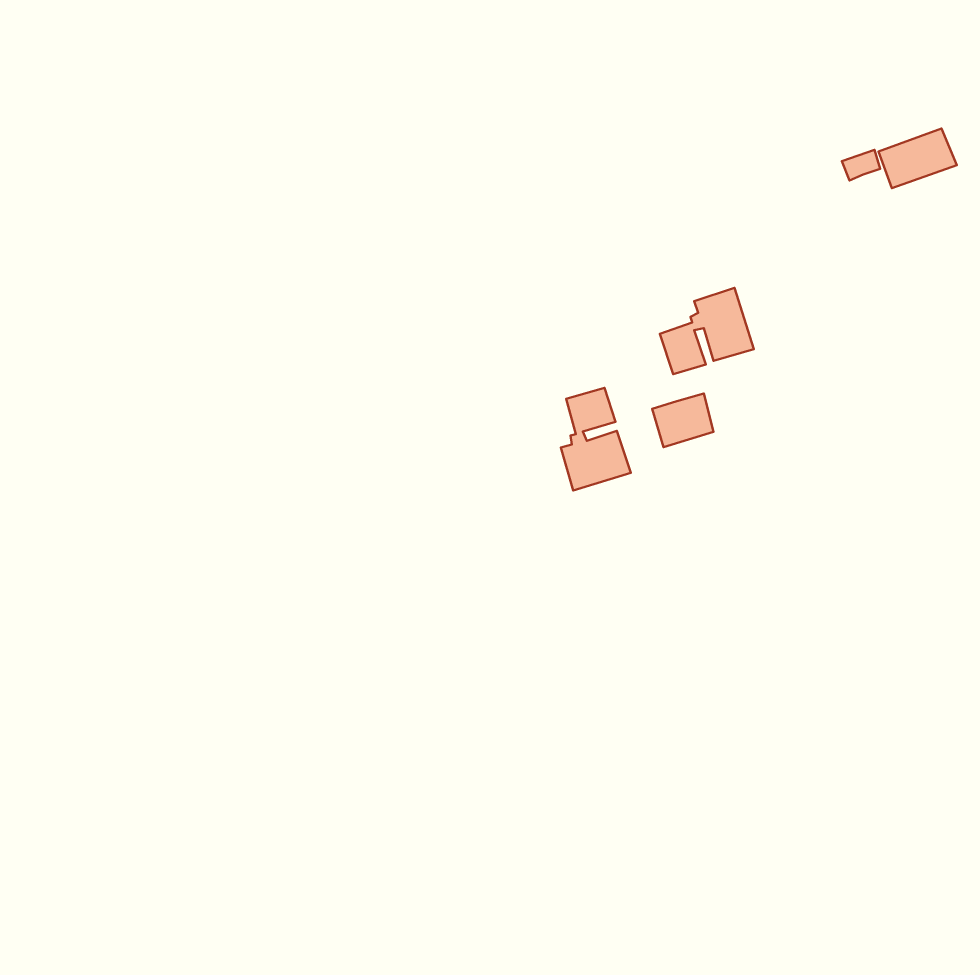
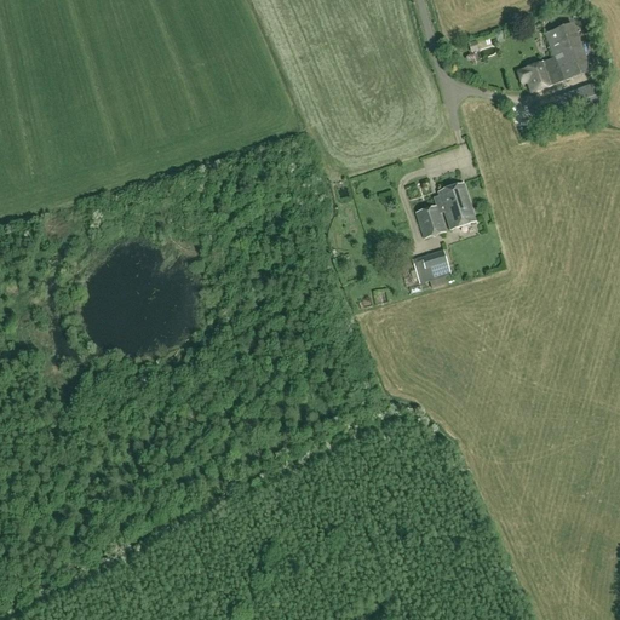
building: none -> [518,23,587,90]
building: [561,388,631,491] -> none

